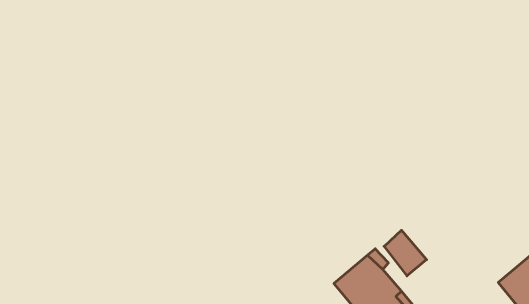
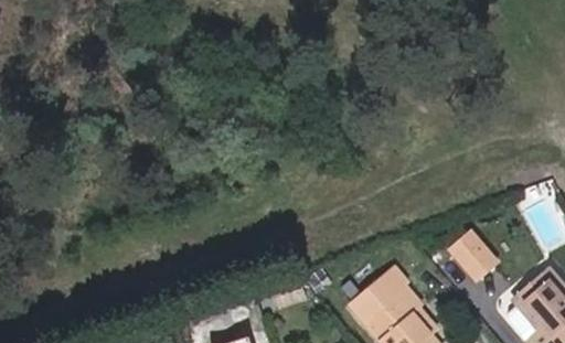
building: [384,230,427,276] -> [451,232,494,278]

